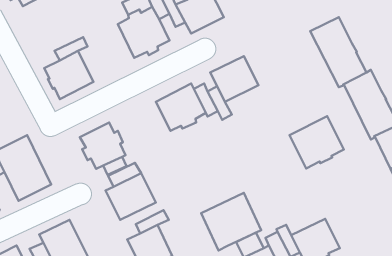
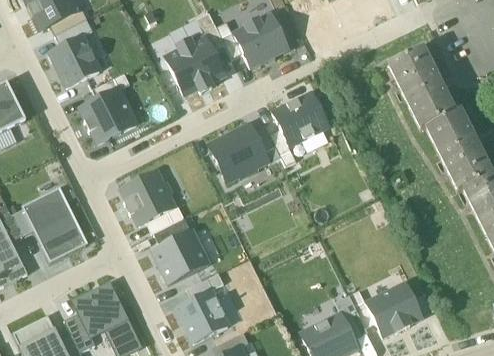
building: none -> [50,35,100,86]
building: [290,116,344,169] -> none
building: [201,193,261,251] -> none

